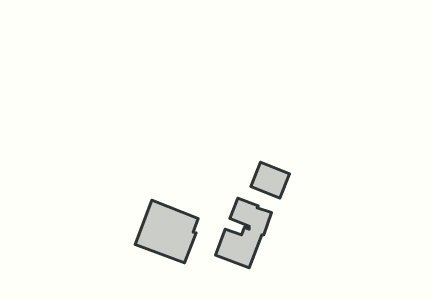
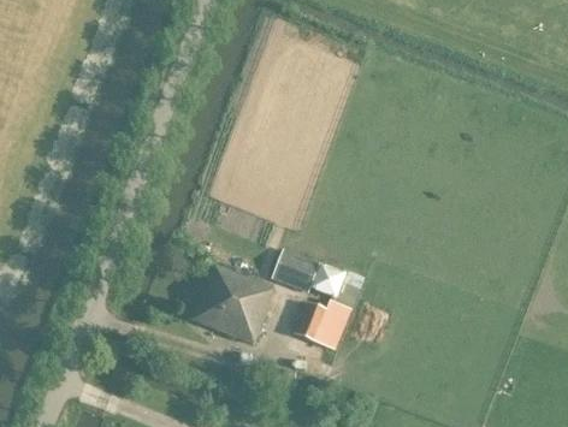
building: [251,162,289,198] -> [271,248,319,292]

